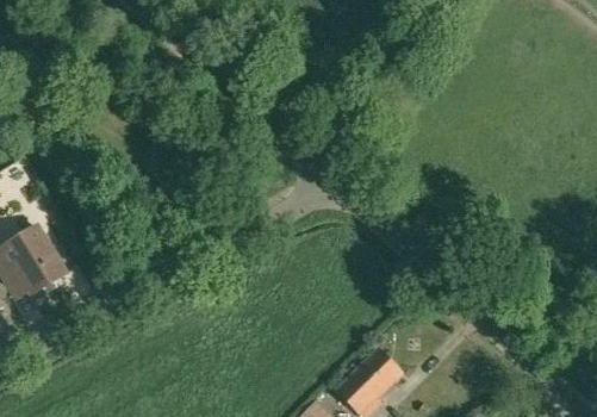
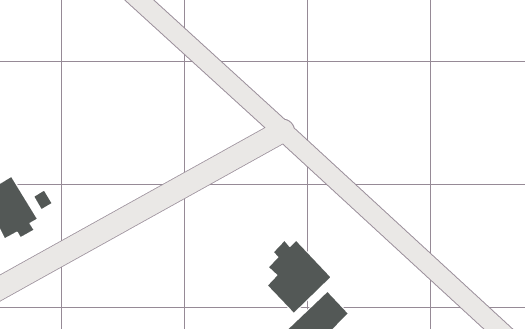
building: none -> [267,240,331,314]

